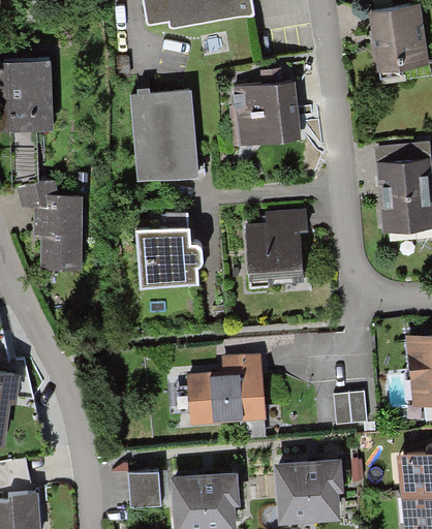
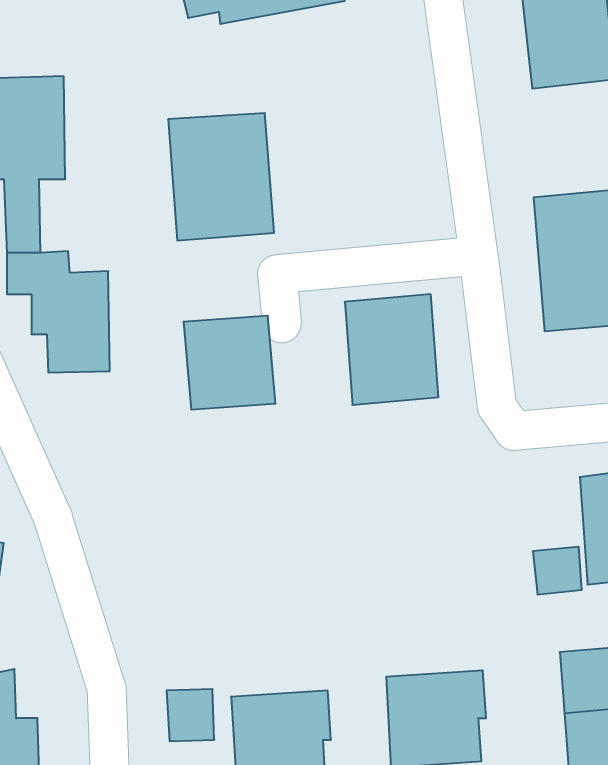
building: [230,76,305,146] -> none
building: [186,354,265,426] -> none
building: [332,394,365,426] -> [533,547,582,594]

